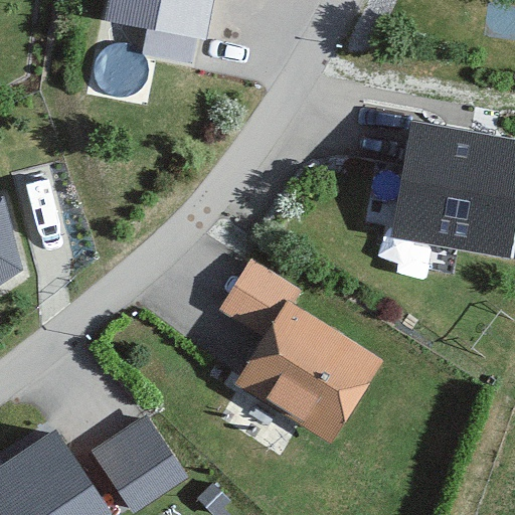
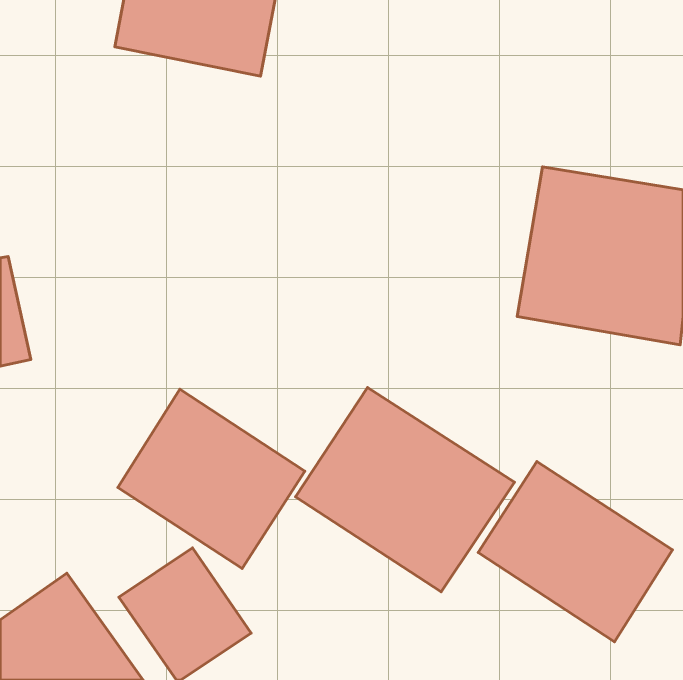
building: none -> [118,389,305,569]
building: none -> [478,461,673,642]

